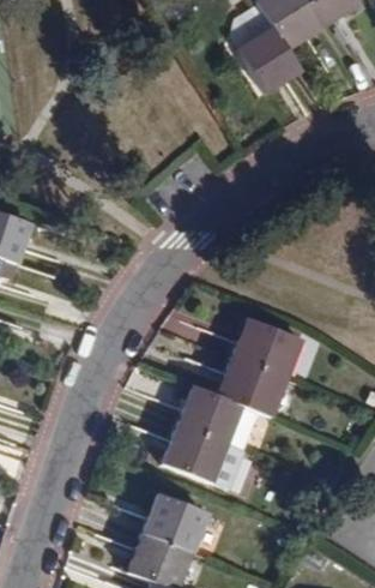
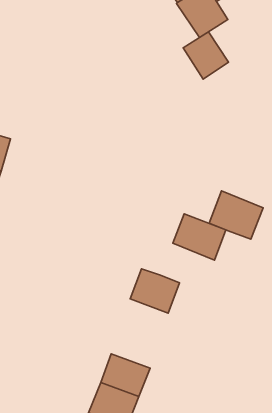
building: none -> [183,32,228,79]
building: [219,353,288,414] -> [209,191,263,239]
building: [165,424,229,480] -> none

